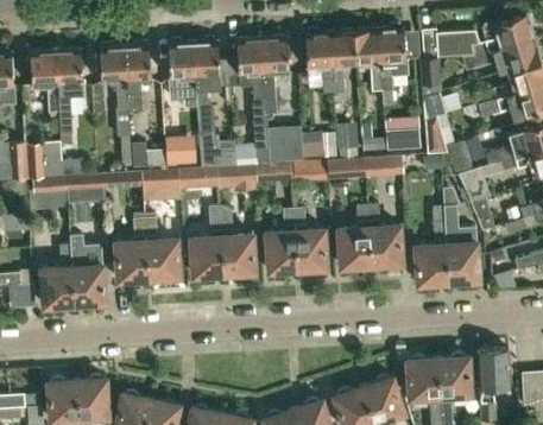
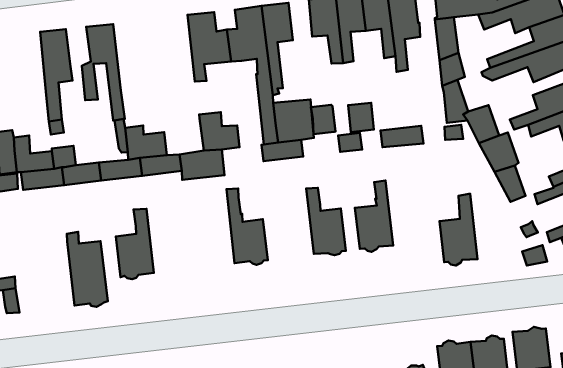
building: [168,42,196,104] -> none
building: [124,44,151,108] -> none
building: [30,50,58,113] -> none
building: [385,127,419,151] -> none
building: [165,138,201,170] -> none
building: [217,165,257,191] -> none
building: [190,204,223,278] -> none
building: [367,204,402,266] -> none
building: [442,205,479,284] -> none
building: [266,208,297,273] -> none
building: [145,217,179,280] -> none
building: [40,245,74,309] -> none

